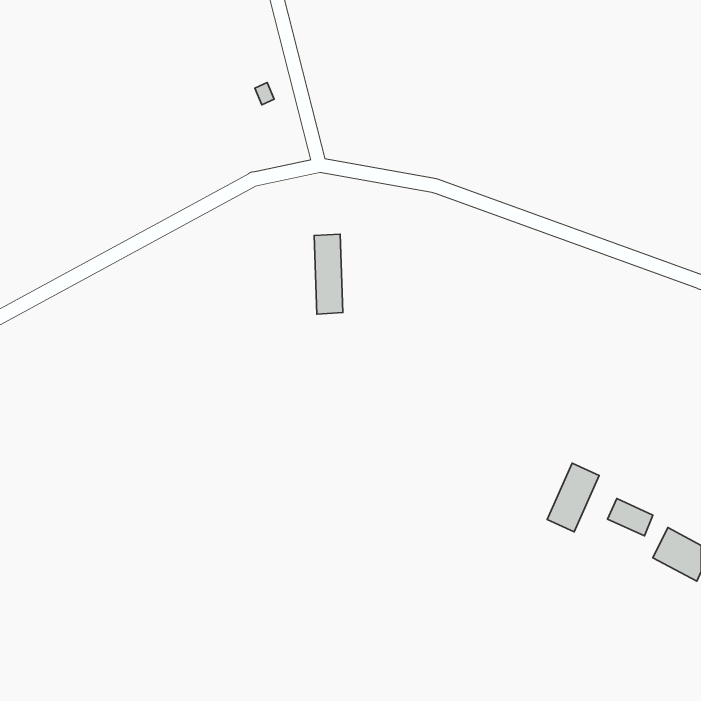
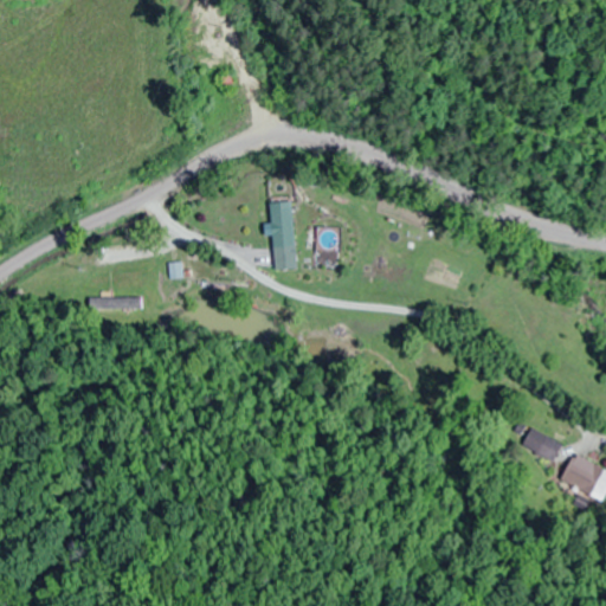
building: none -> [90,297,142,314]
building: [547,463,599,532] -> none

